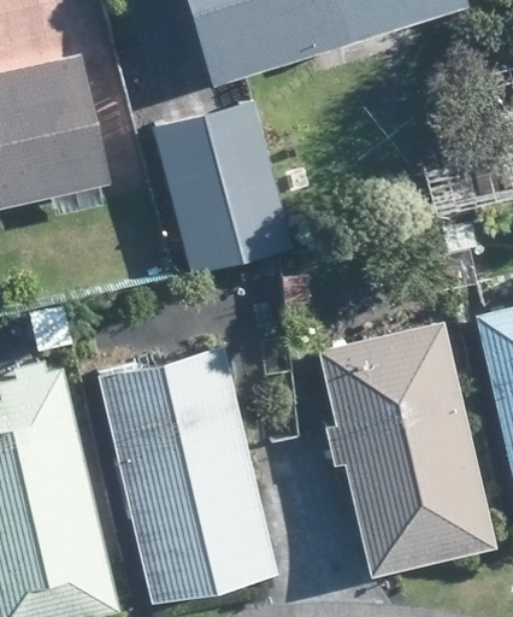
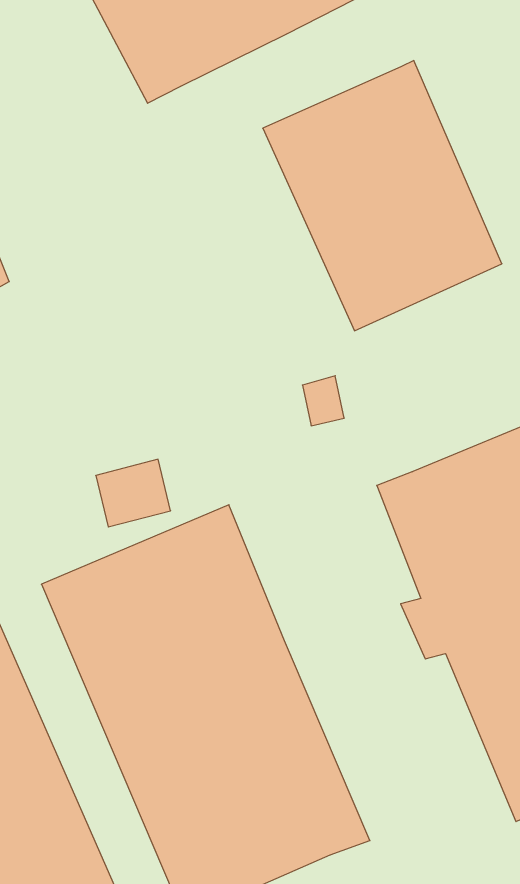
building: [154,108,290,272] -> [263,61,502,331]

